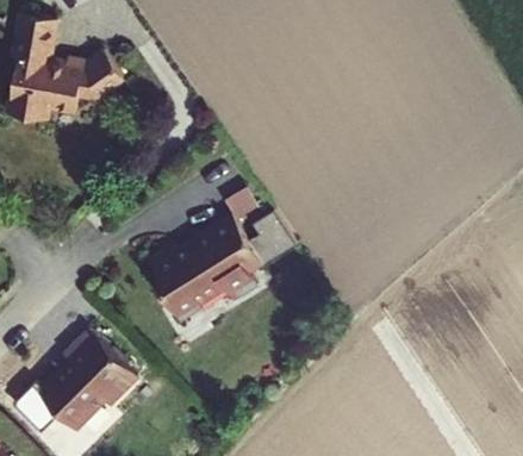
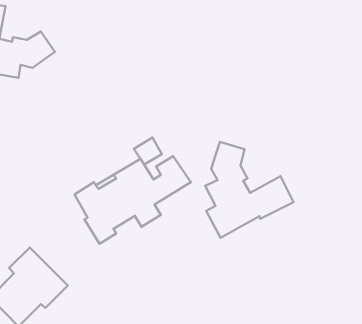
building: none -> [205,142,294,238]

